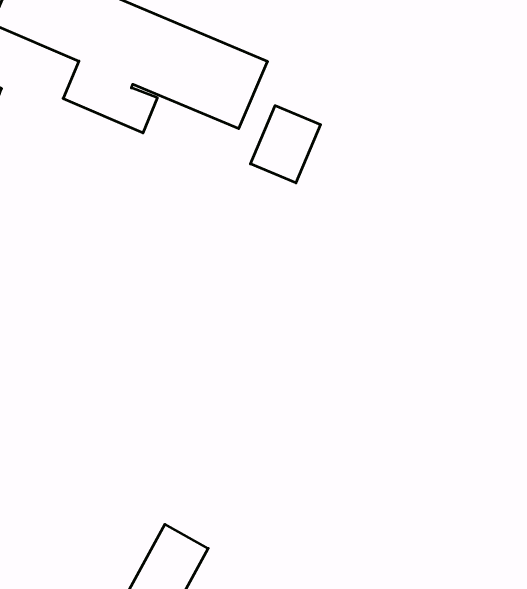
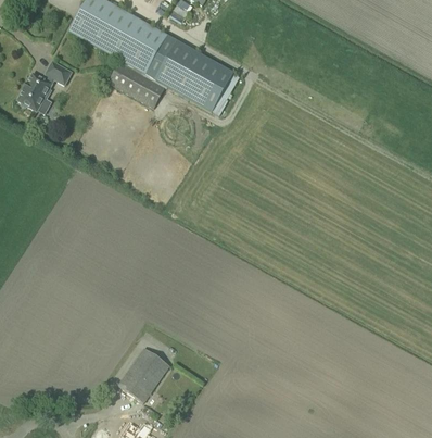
building: [250,106,321,183] -> none

